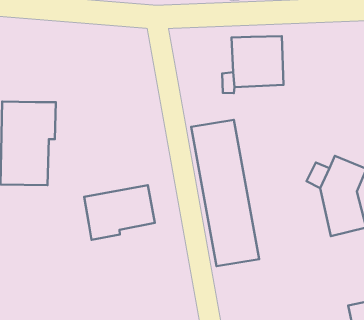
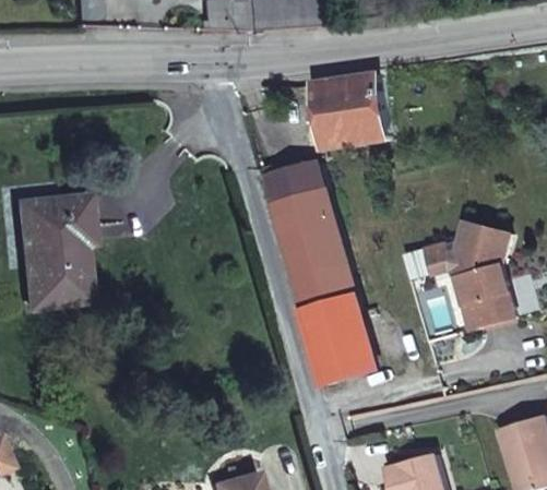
building: none -> [263,164,325,207]
building: [84,185,155,240] -> none

